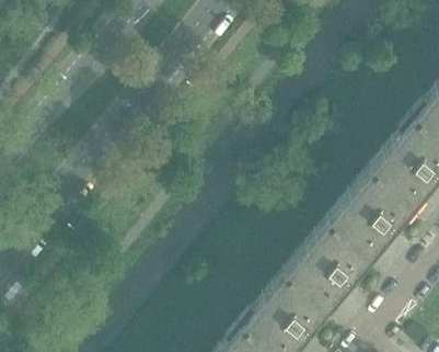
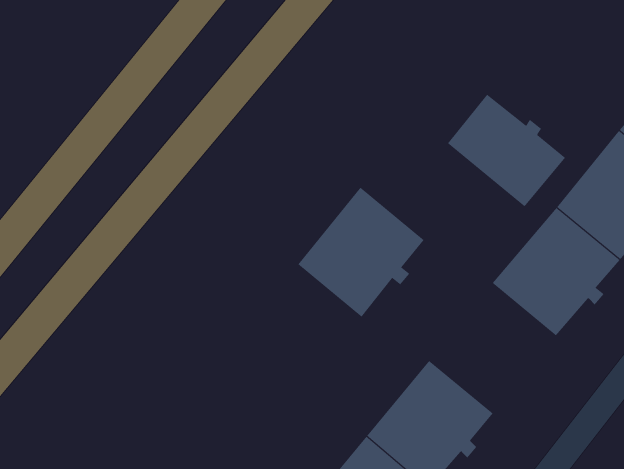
building: none -> [447,94,566,207]
building: [300,204,386,293] -> [297,187,425,317]

